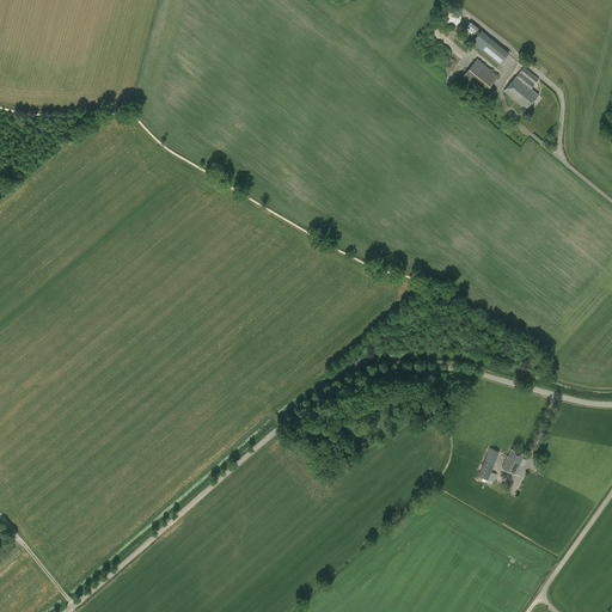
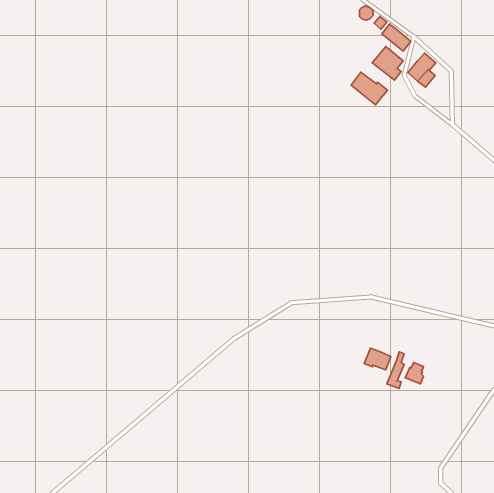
building: none -> [351,72,388,105]
building: none -> [364,348,391,370]

